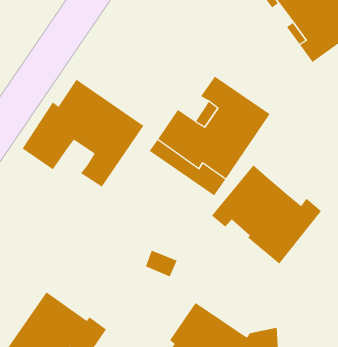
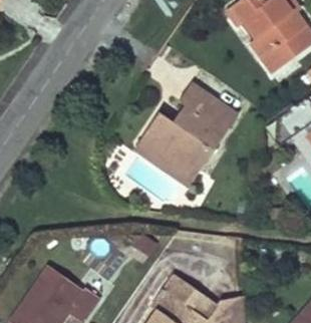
building: [22,79,144,188] -> none
building: [211,165,322,265] -> none

